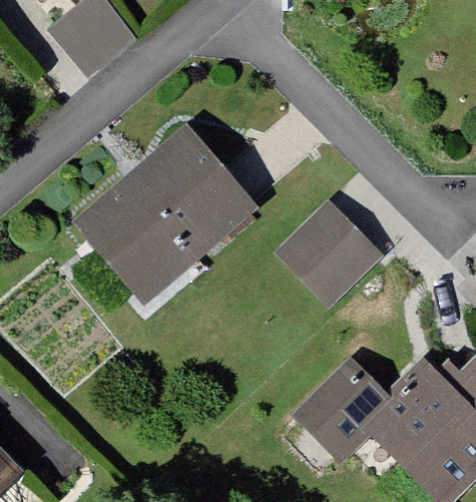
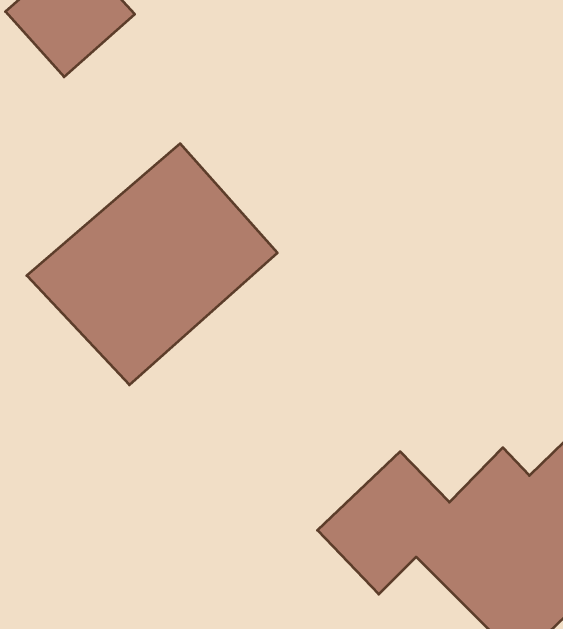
building: [273,198,384,310] -> none

